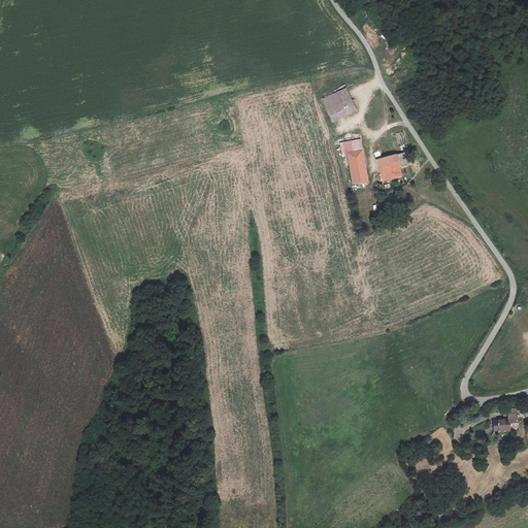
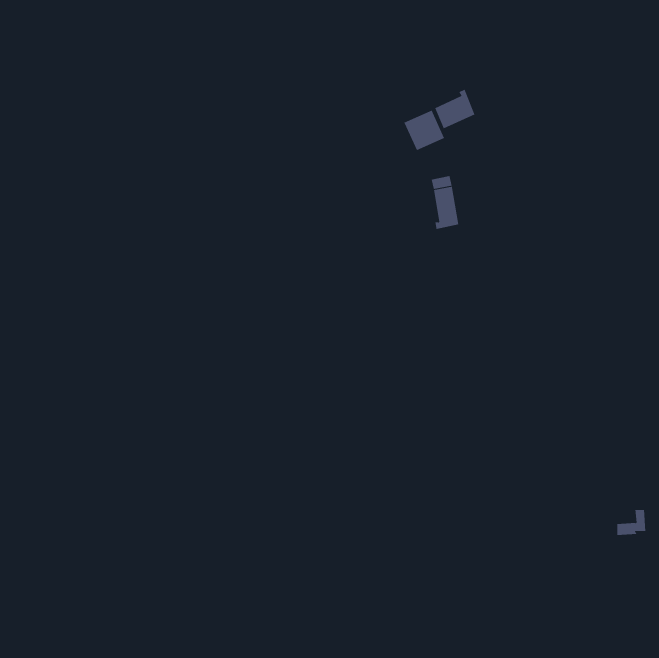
building: none -> [434,89,475,129]
building: [377,152,410,180] -> none

